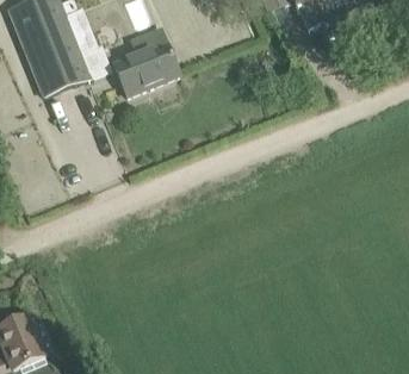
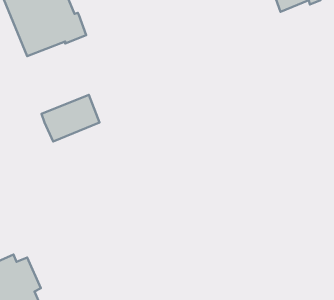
building: [110,42,175,94] -> [41,95,99,141]

